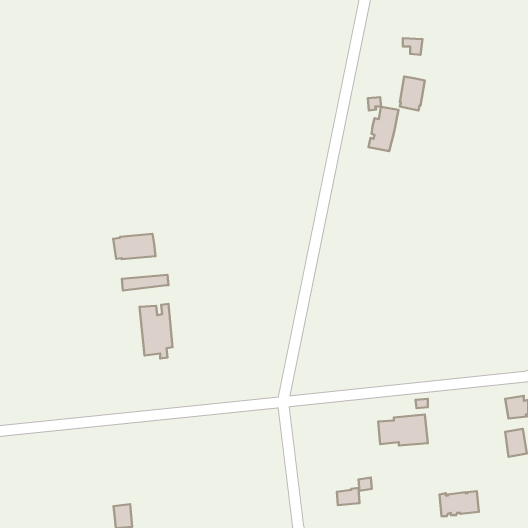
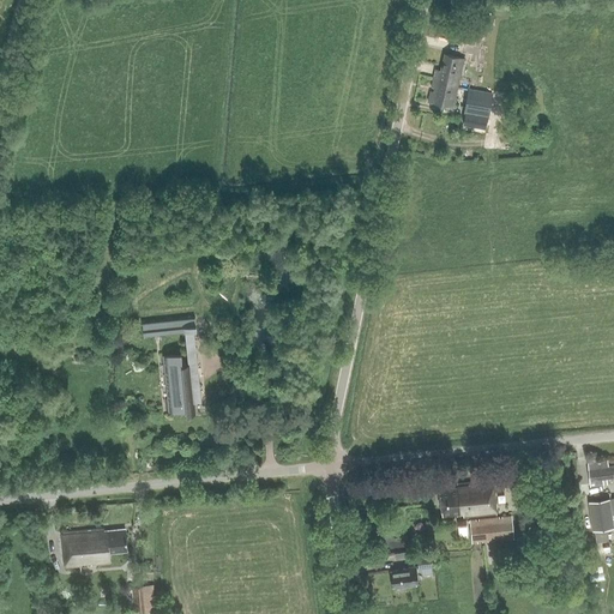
building: [368,107,398,151] -> [429,55,464,107]
building: [113,234,155,259] -> none
building: none -> [61,529,127,568]
building: [440,491,479,516] -> [469,516,514,544]

